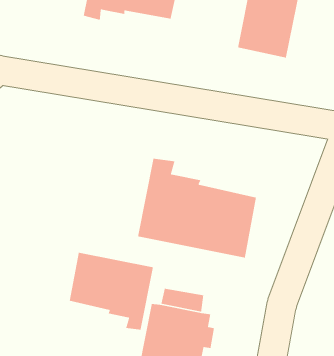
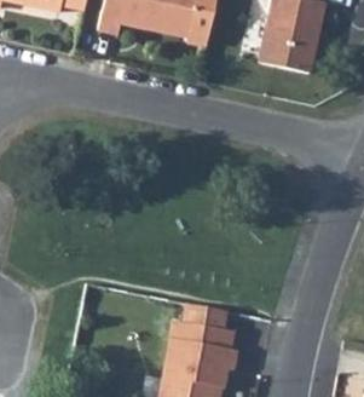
building: [137,158,257,258] -> none
building: [69,252,154,331] -> none

